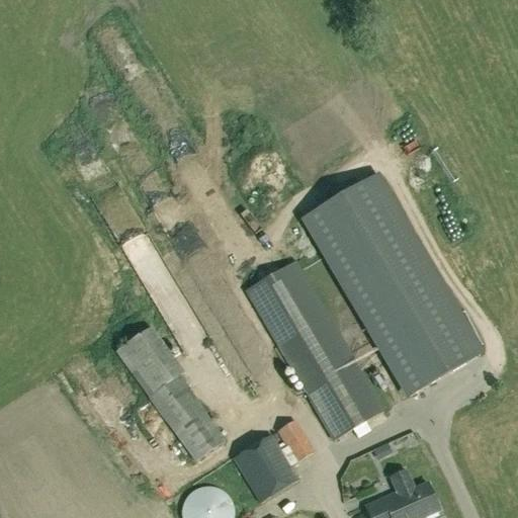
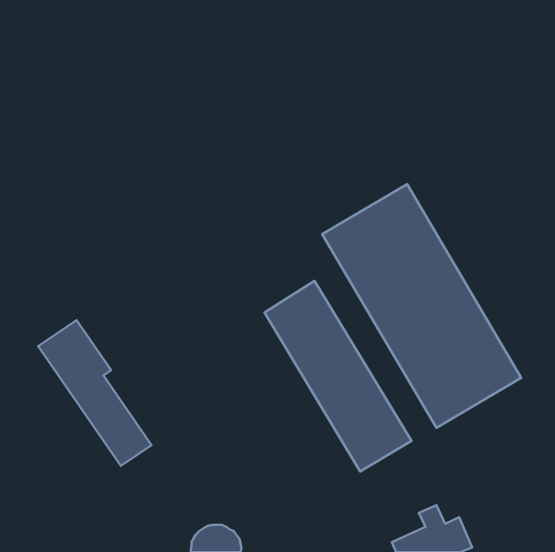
building: [119,324,225,459] -> [38,320,151,466]
building: [234,420,315,502] -> none

